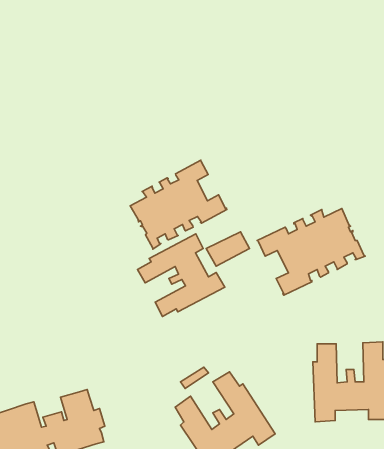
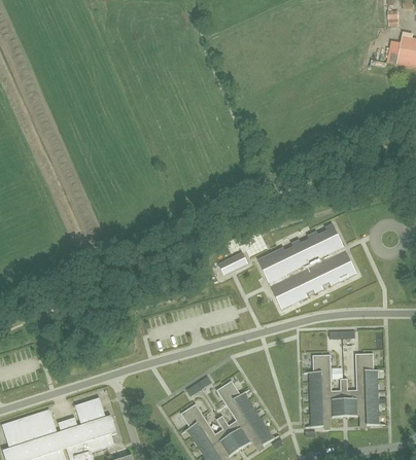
building: [130,160,227,249] -> none
building: [137,234,225,317] -> none

